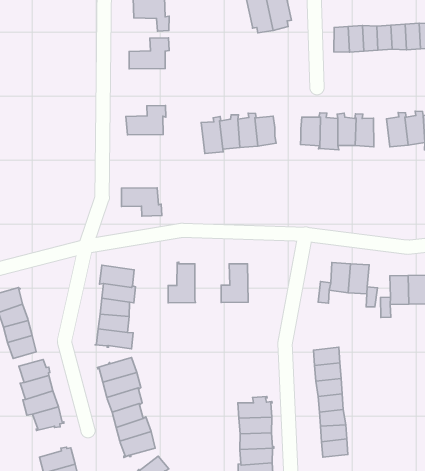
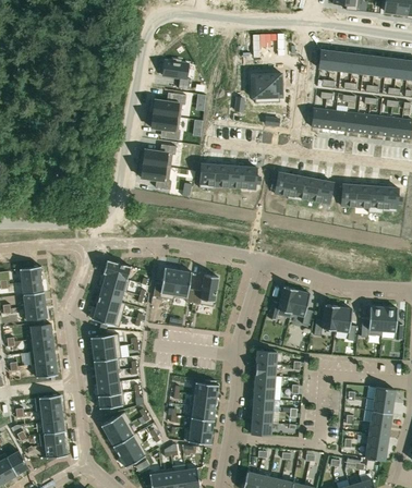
building: none -> [150,113,180,141]
building: [121,188,162,216] -> [141,163,171,190]
building: none -> [173,270,195,303]

